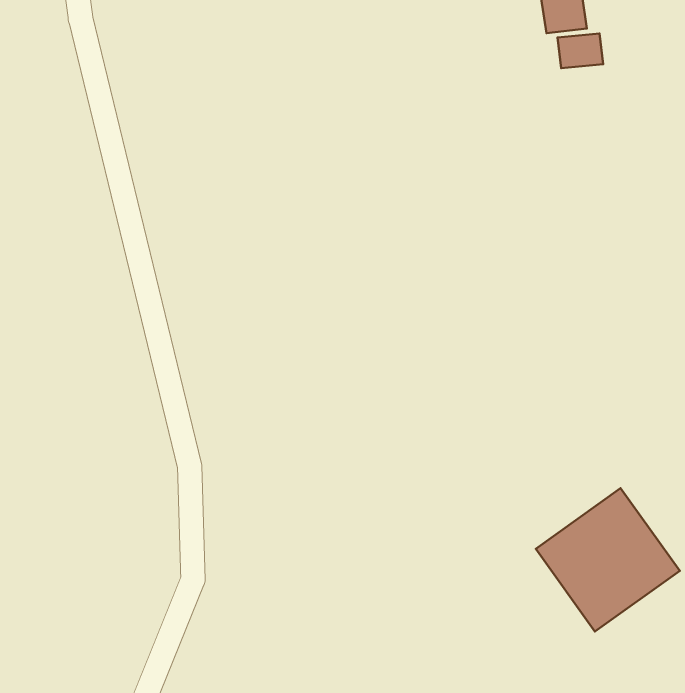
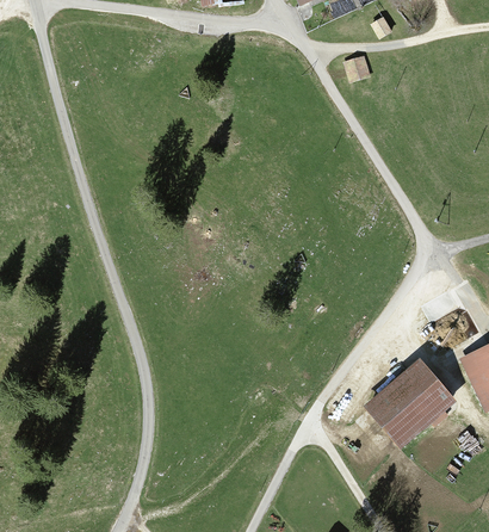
building: [558,34,603,68] -> none

